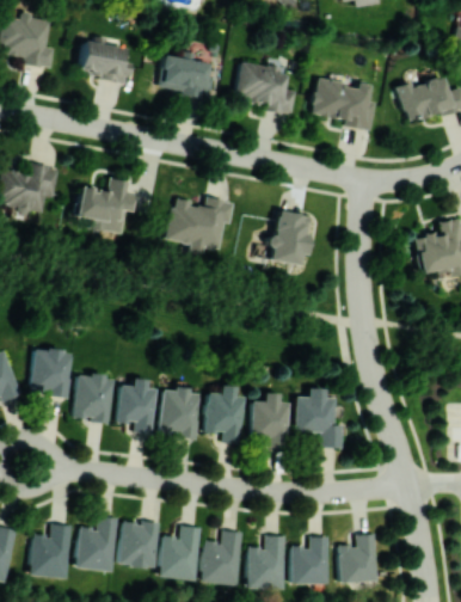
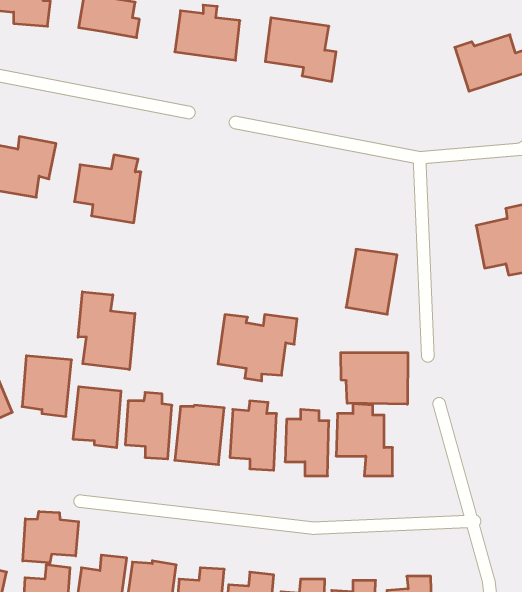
building: [311,79,375,130] -> none
building: [166,197,233,253] -> [218,315,297,381]
building: [266,210,309,265] -> [346,249,397,314]
building: none -> [78,292,135,370]
building: none -> [341,353,408,404]
building: none -> [23,511,79,563]

